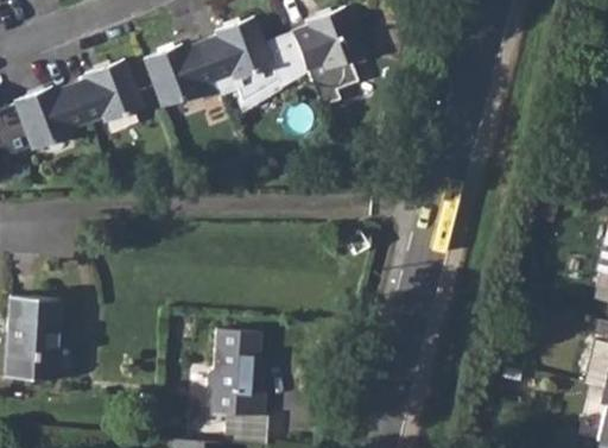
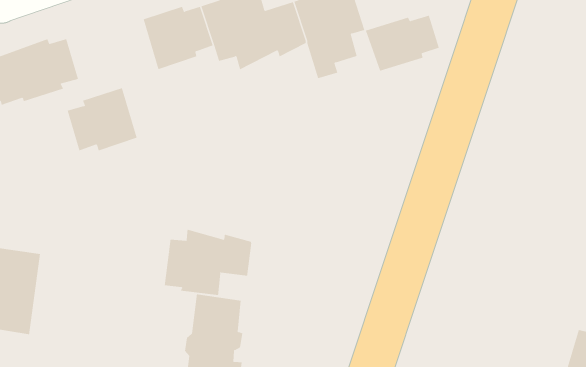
building: none -> [365,15,439,71]
building: [71,58,142,124] -> [67,88,137,151]
building: none -> [164,229,252,296]

